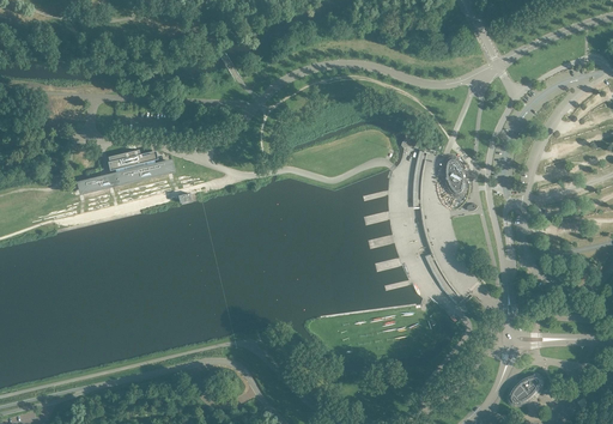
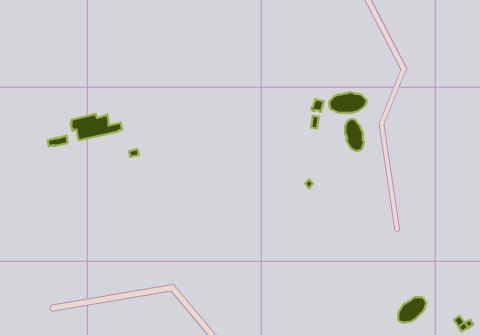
building: none -> [329,92,367,113]

